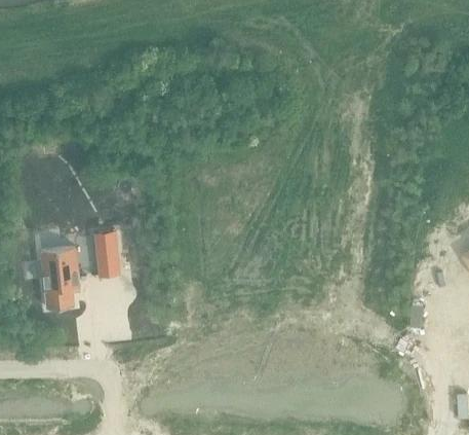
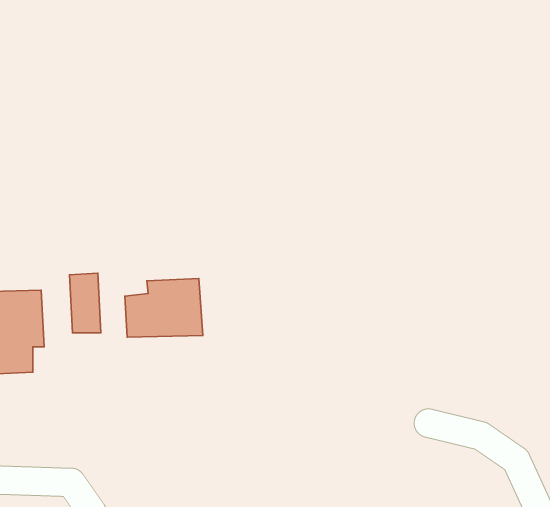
building: none -> [125,278,203,337]

